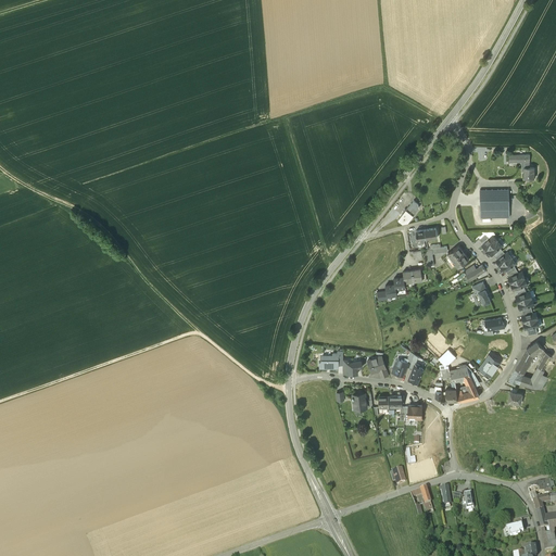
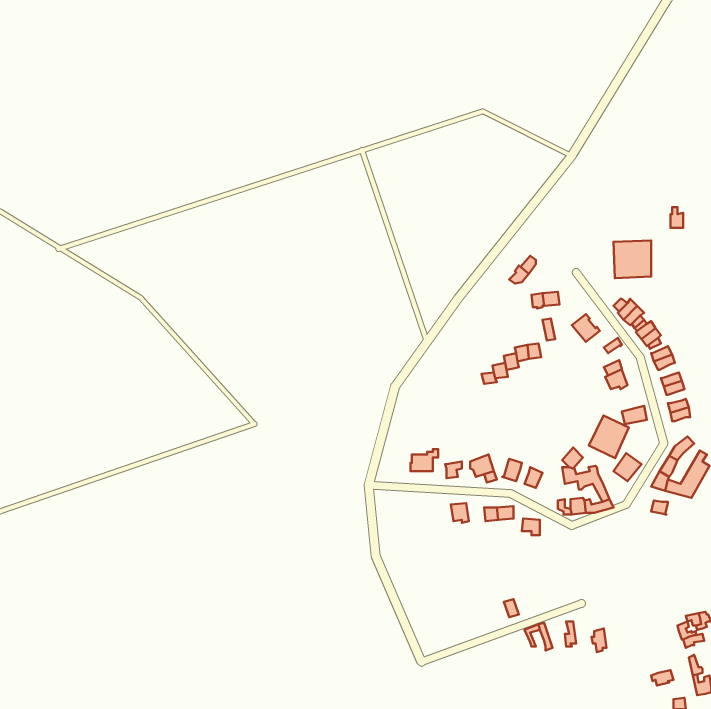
building: none -> [589,415,629,458]

